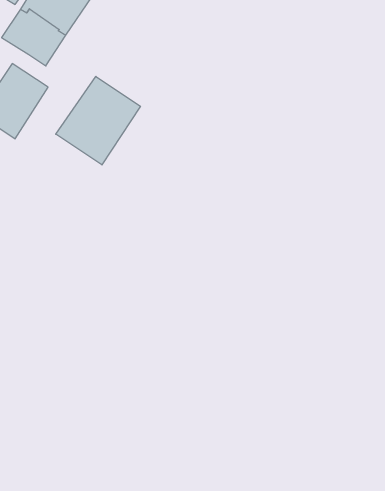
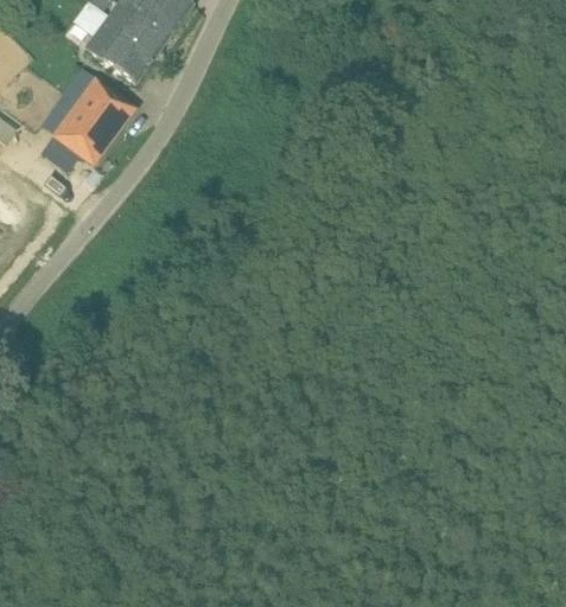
building: [56,76,140,165] -> none

